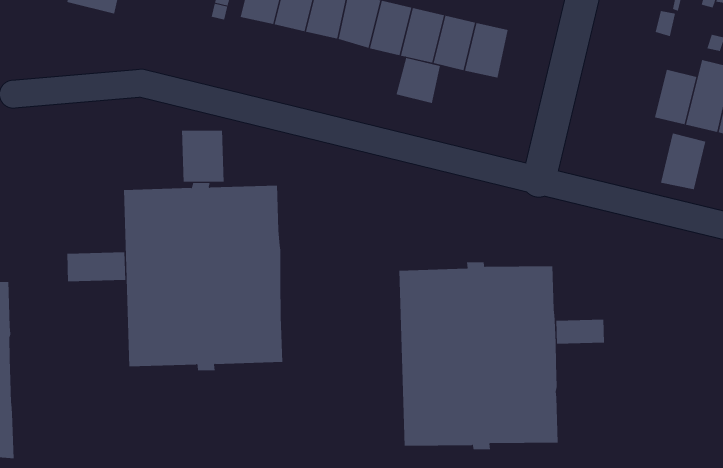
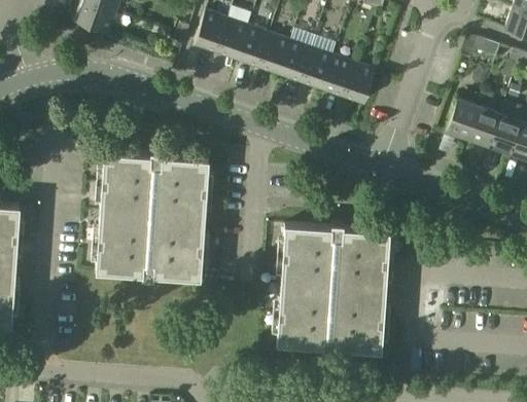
building: [396,57,440,104] -> none
building: [182,130,224,183] -> none
building: [660,133,706,190] -> [445,99,479,139]
building: [67,252,126,282] -> none
building: [556,319,604,345] -> none

